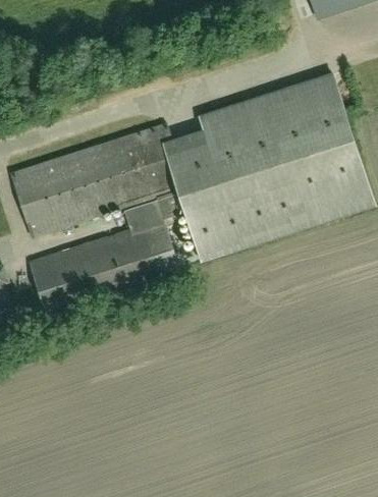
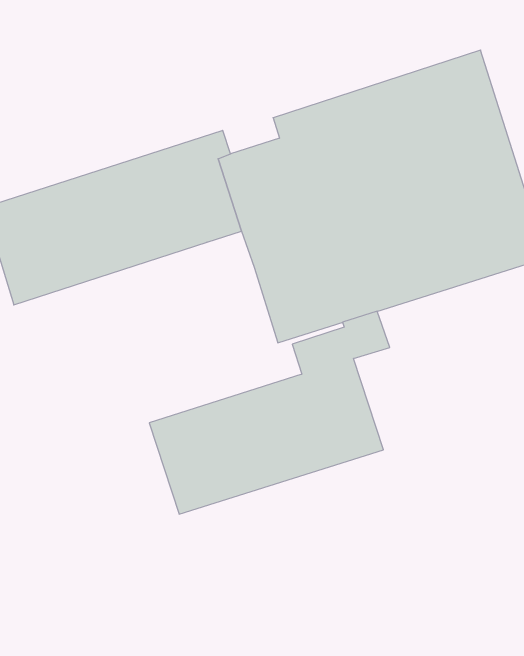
building: [30,188,185,320] -> [149,311,390,514]

